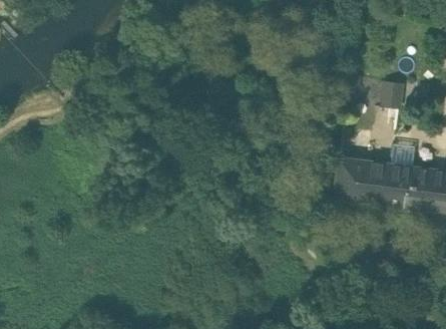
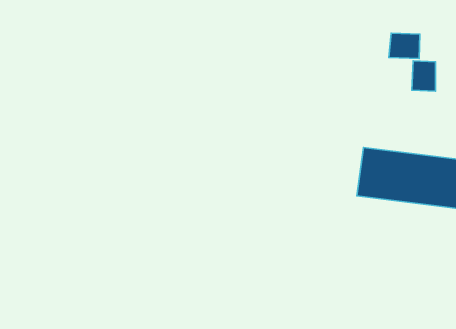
building: none -> [389,33,420,59]

